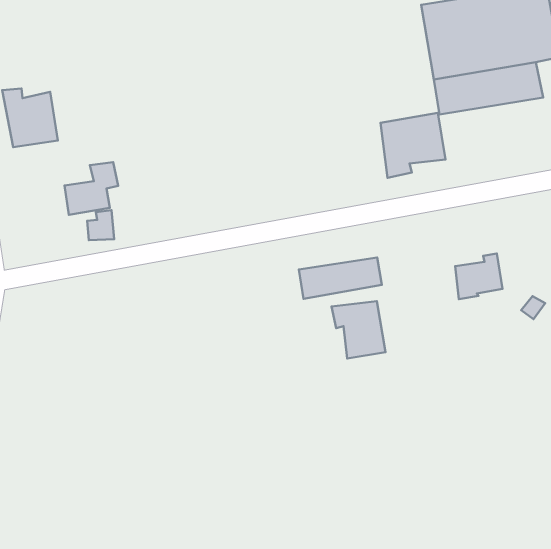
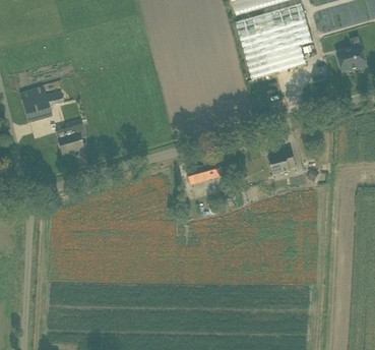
building: [381,113,445,178] -> none
building: [332,301,386,358] -> none

